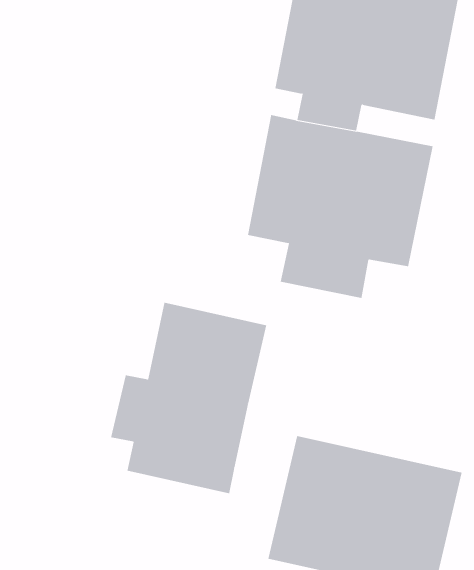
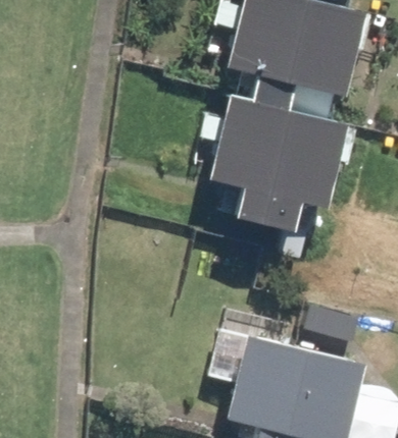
building: [111,302,267,494] -> none

